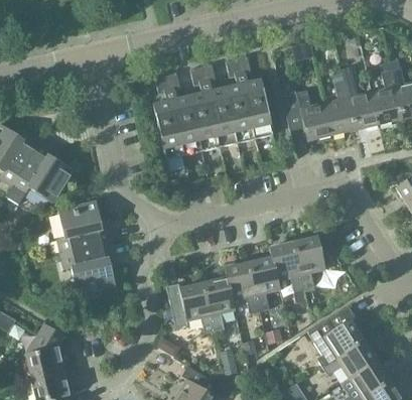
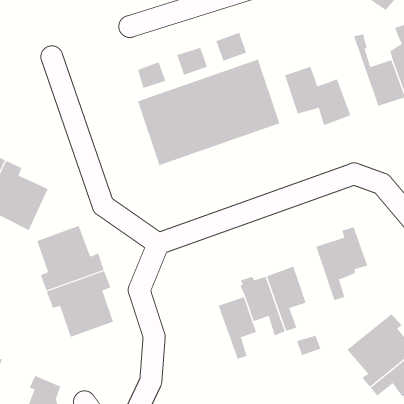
building: [325,69,357,135] -> none
building: [269,242,304,303] -> none
building: [165,281,215,331] -> none

